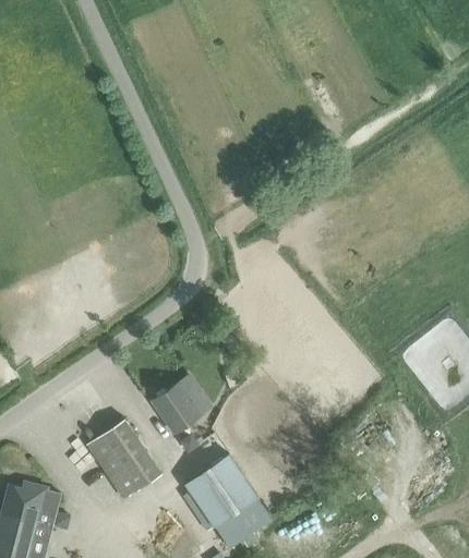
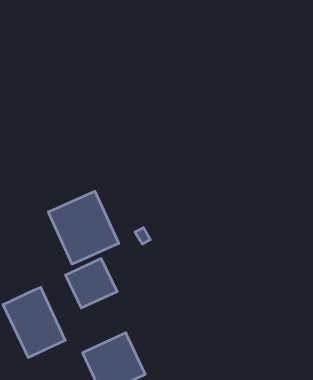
building: none -> [48,191,119,264]

